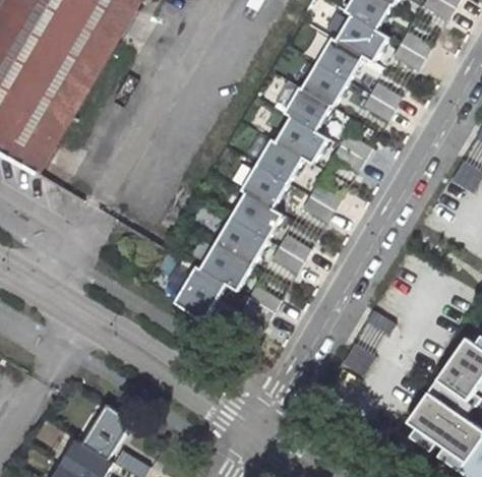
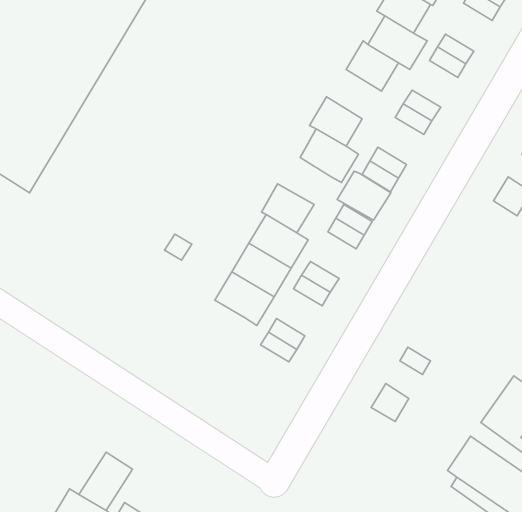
building: [302,63,349,108] -> none
building: [256,139,304,183] -> [337,171,391,220]
building: [174,265,227,322] -> none

